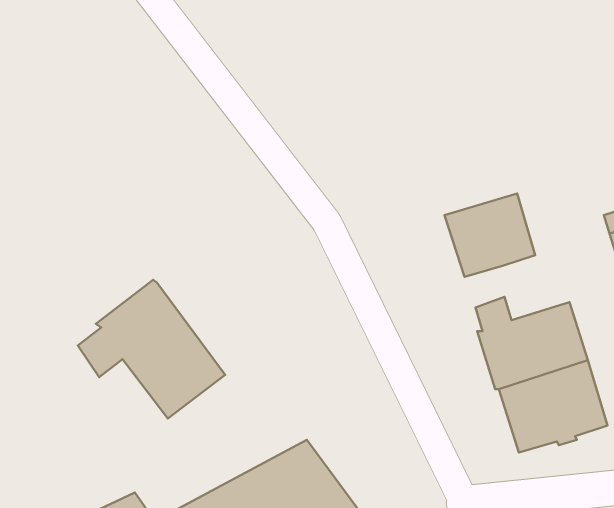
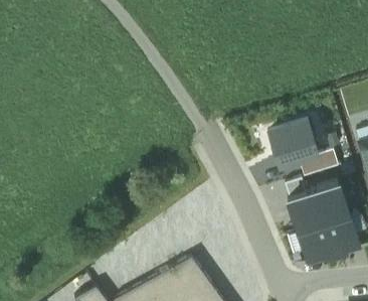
building: none -> [300,151,338,177]
building: [78,280,225,419] -> none

